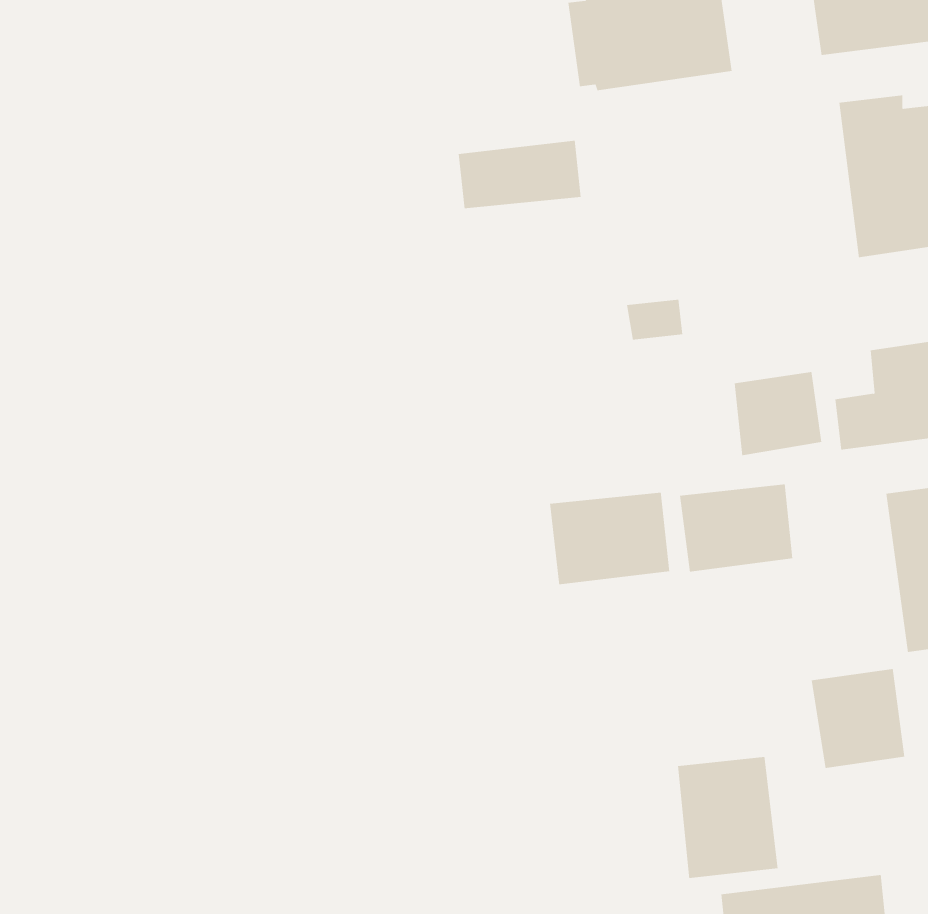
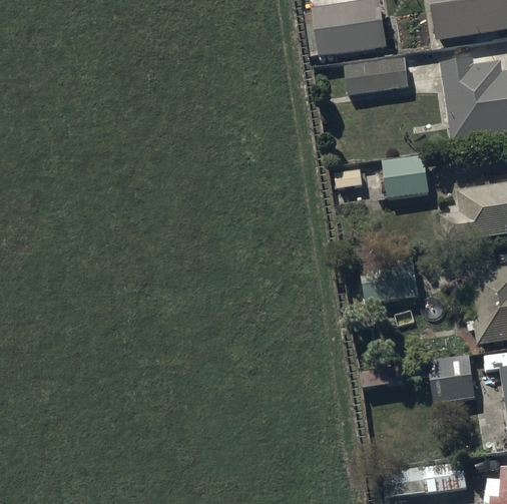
building: [458,140,582,209] -> [345,57,408,92]
building: [734,371,822,456] -> [384,154,429,197]
building: [550,492,670,585] -> none
building: [677,756,778,879] -> none

